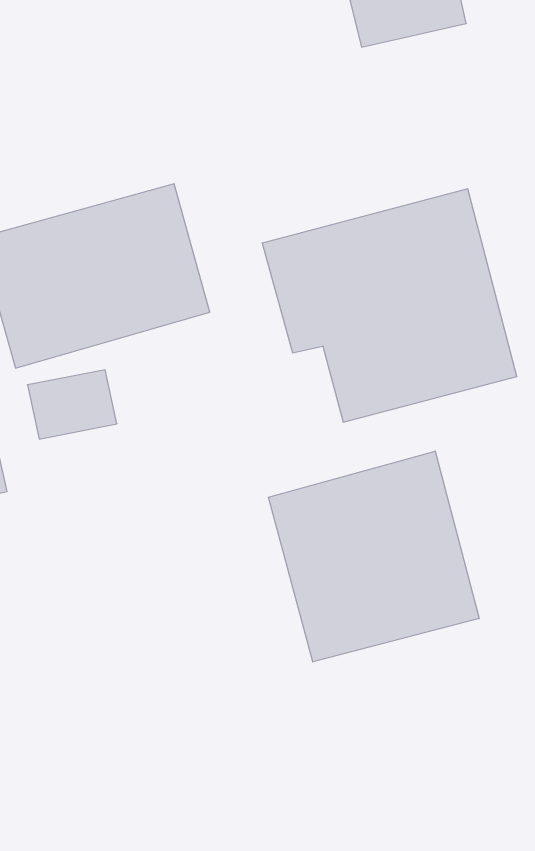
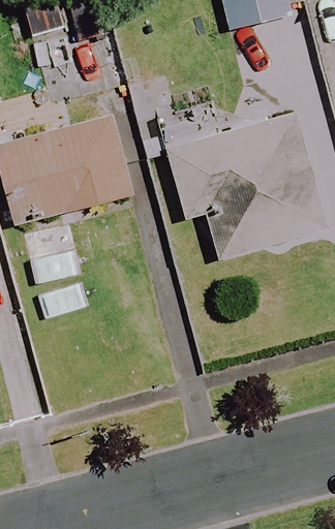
building: [269,451,479,662] -> none

